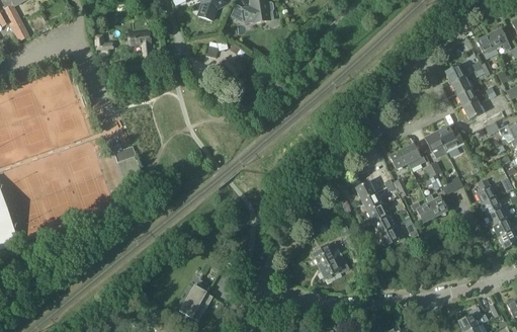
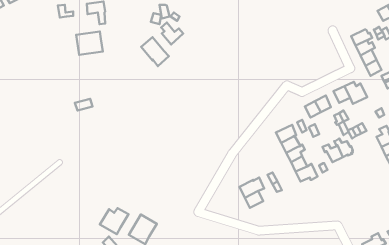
building: none -> [76,31,103,55]
building: none -> [141,37,169,66]
building: none -> [100,208,129,234]

